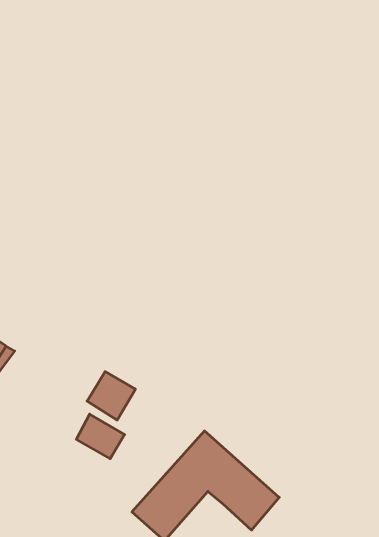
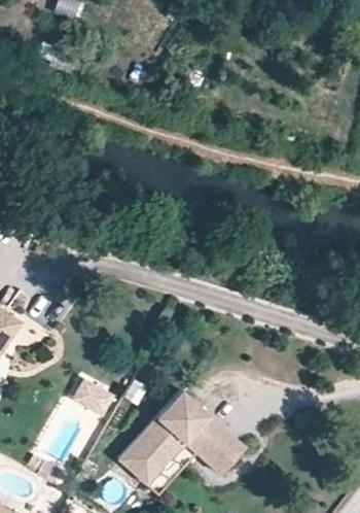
building: [87,372,135,420] -> none

